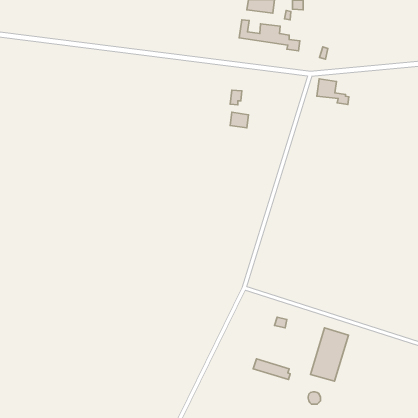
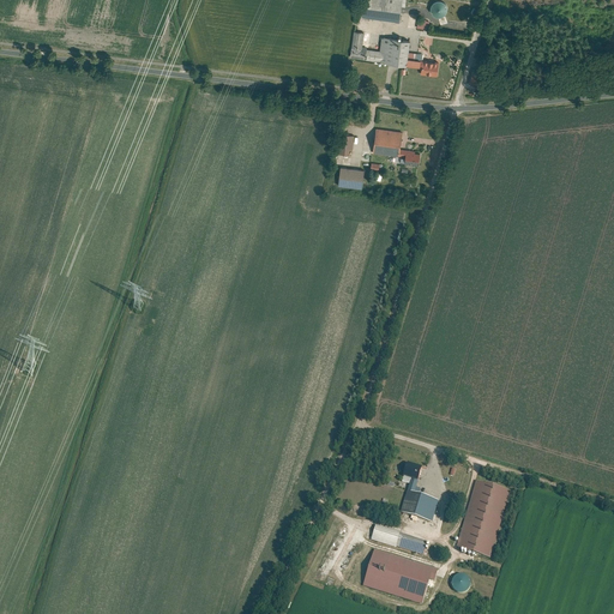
building: [317,79,349,104] -> [373,126,420,163]
building: none -> [398,489,439,523]
building: none -> [362,549,437,603]

